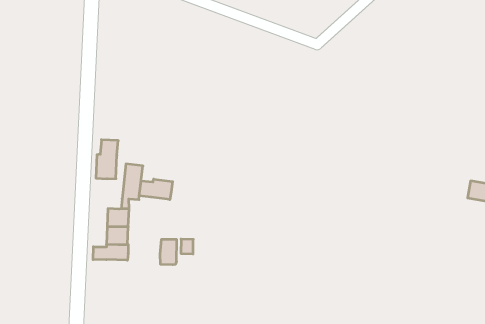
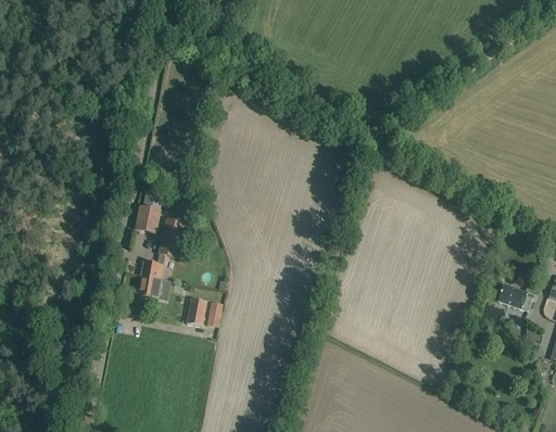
building: [139,179,173,200] -> none
building: [93,244,128,260] -> none

